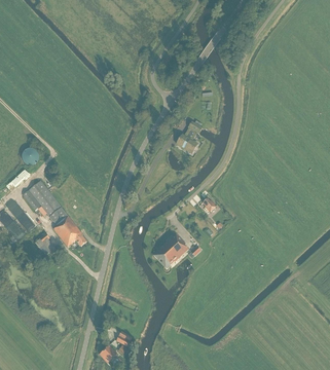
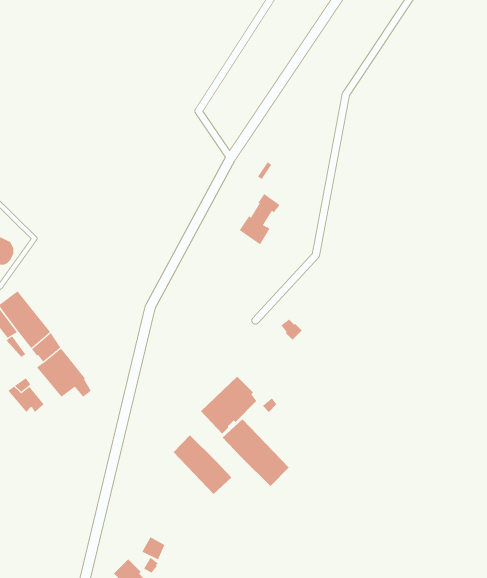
building: none -> [222,419,289,487]
building: none -> [173,435,232,495]

